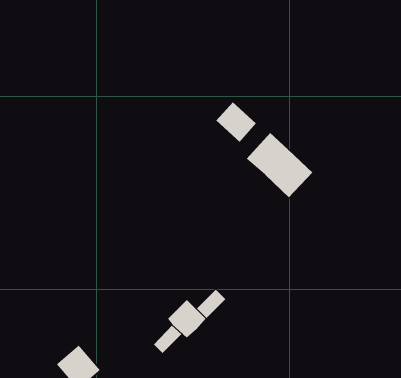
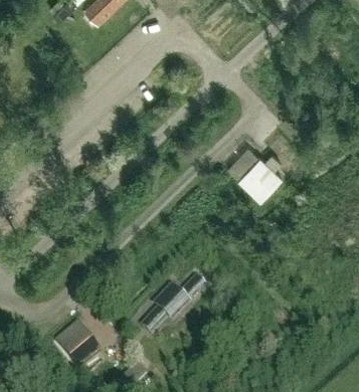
building: [216,101,257,143] -> none

